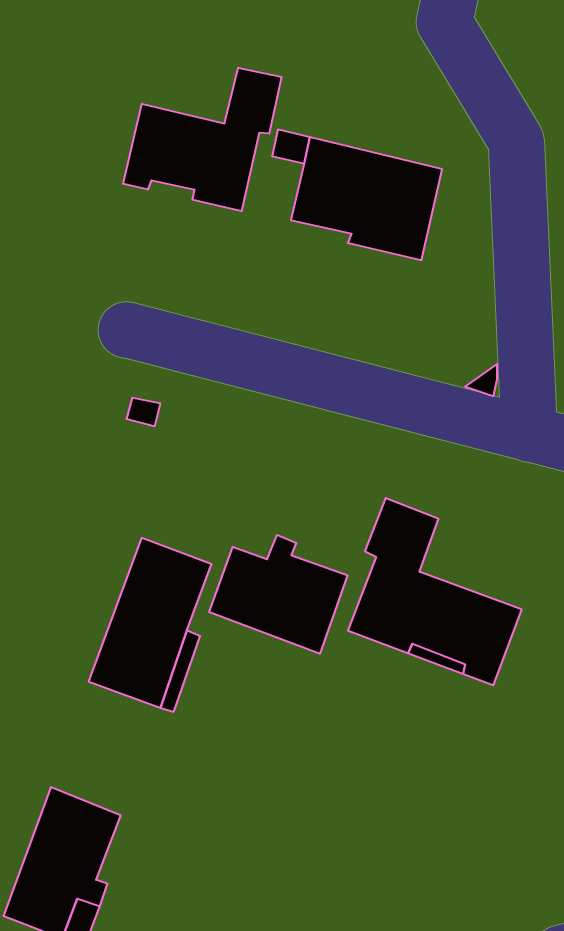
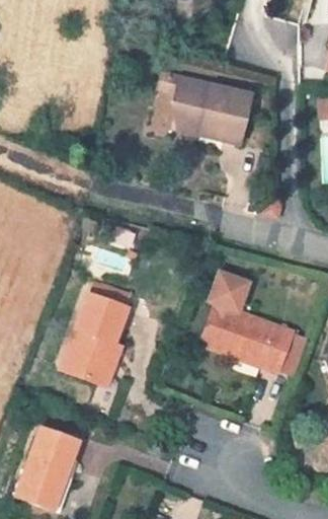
building: [123,68,282,211] -> none
building: [209,535,347,654] -> none

